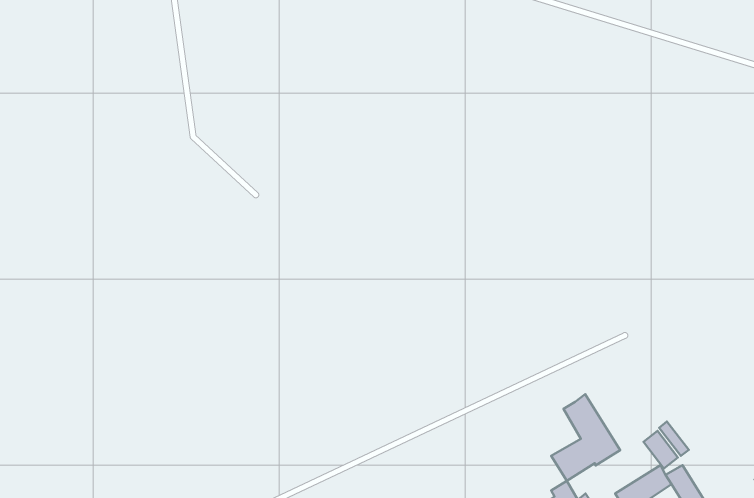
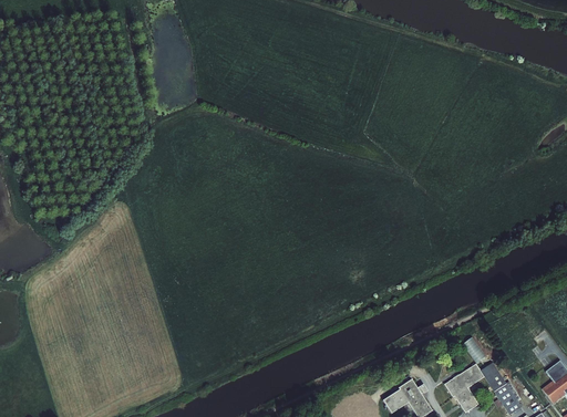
building: [551,394,620,481] -> none

